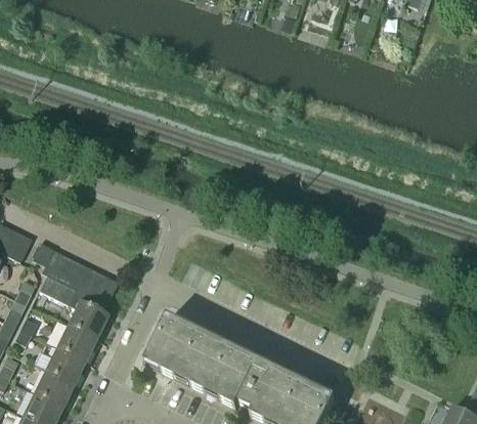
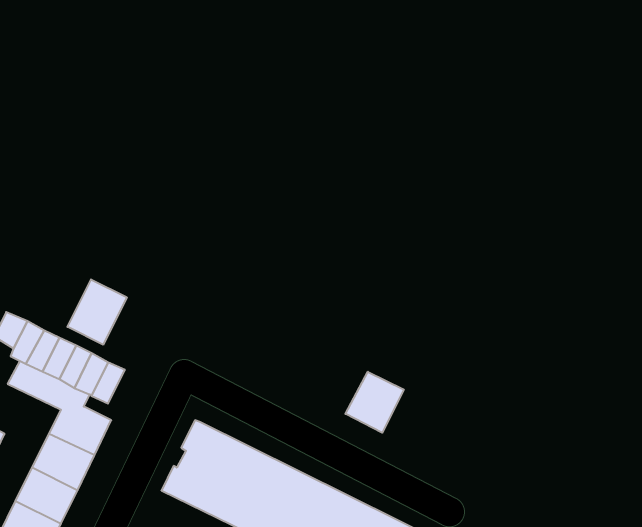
building: none -> [67,279,127,345]
building: none -> [345,372,404,433]

